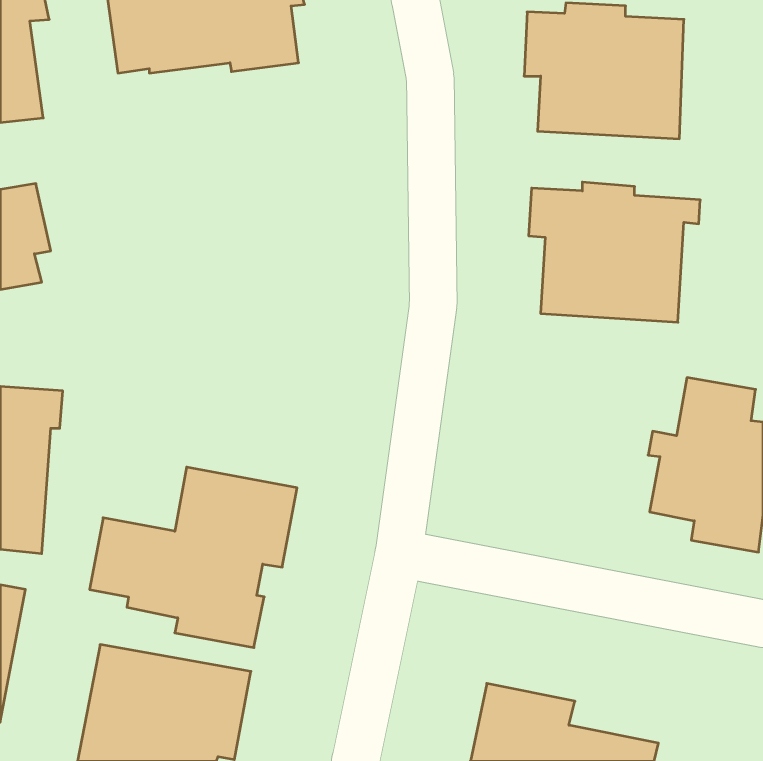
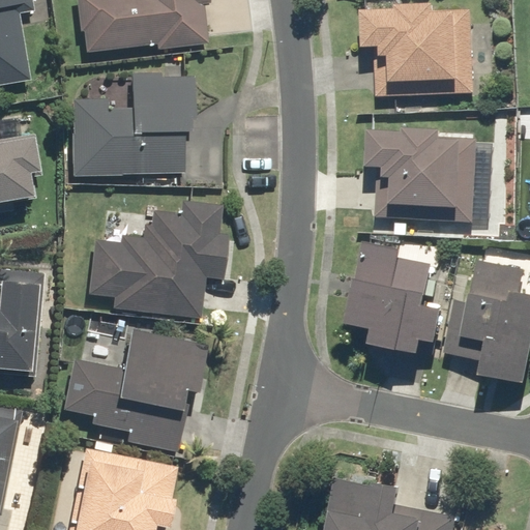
building: none -> [68,75,192,186]
building: none -> [89,203,227,316]
building: none -> [348,240,444,361]

